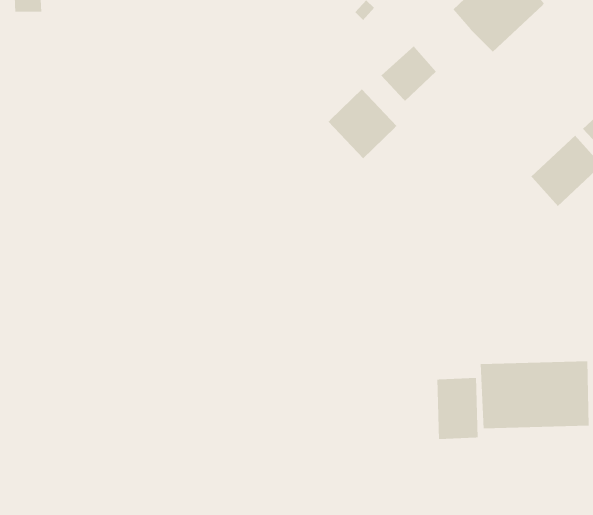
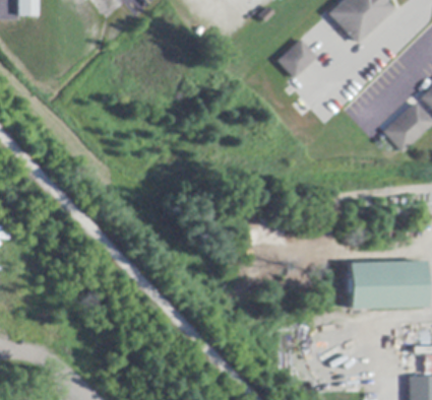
building: [328,89,397,159] -> none
building: [437,377,478,440] -> none

